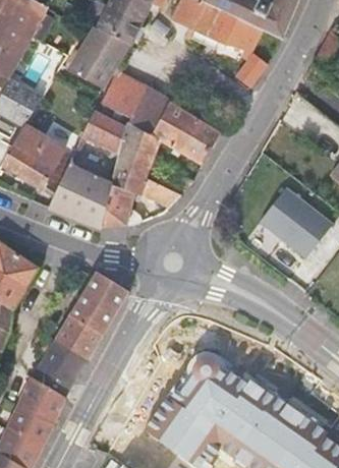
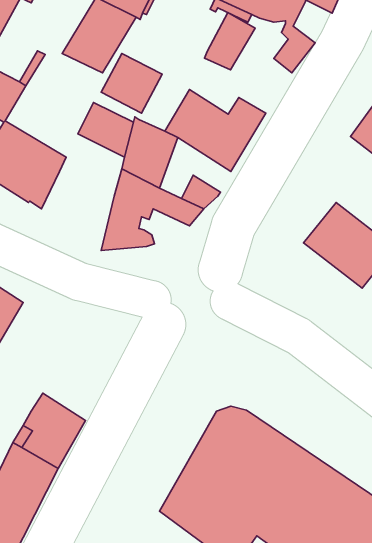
building: [129,89,169,133] -> [204,13,255,70]
building: [48,165,110,227] -> none
building: [32,271,129,360] -> none

